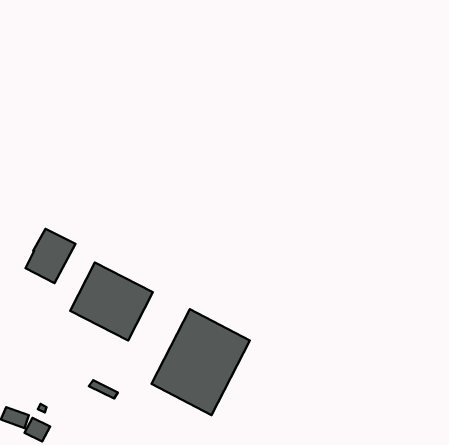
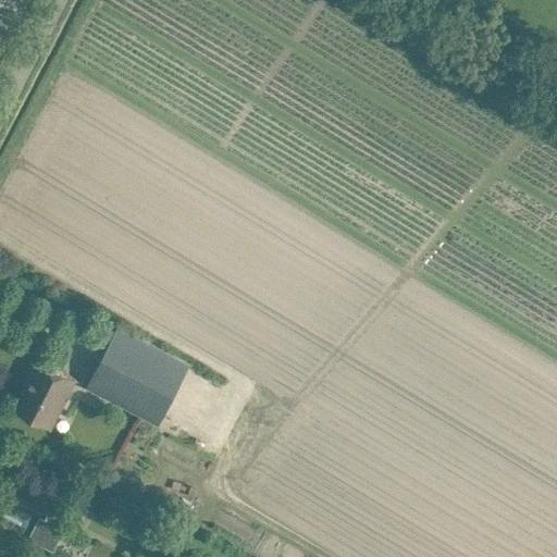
building: [25,229,75,283] -> [14,363,76,431]
building: [151,309,250,415] -> none

